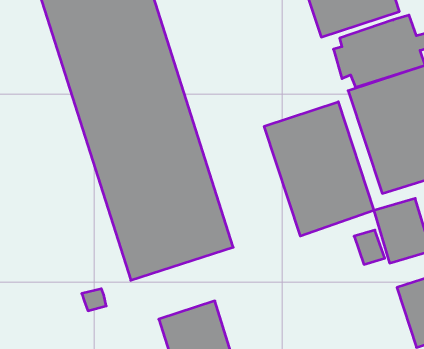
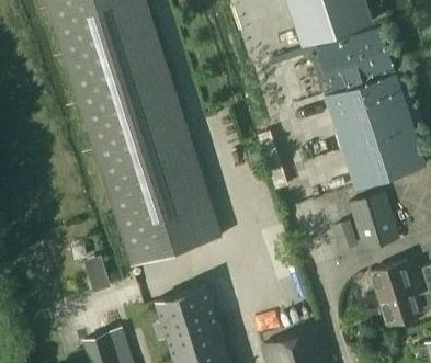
building: [264,102,374,236] -> none

